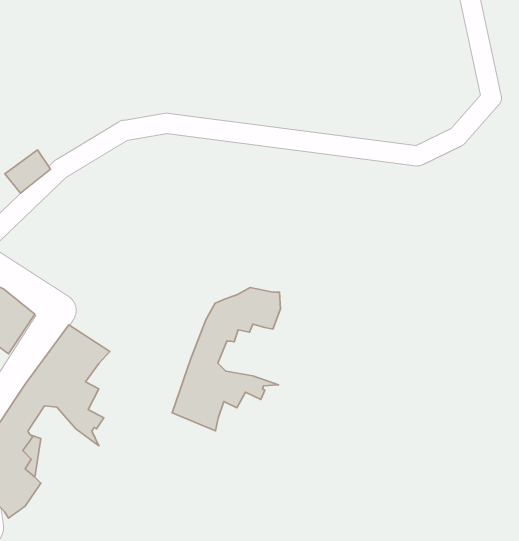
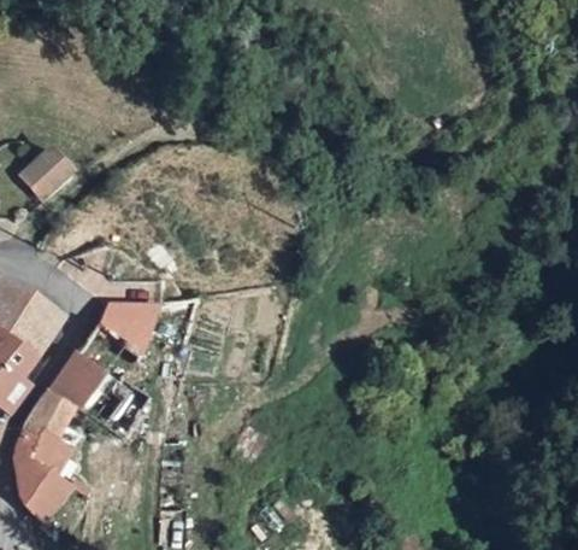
building: [172,288,281,431] -> none
building: none -> [94,303,153,352]

